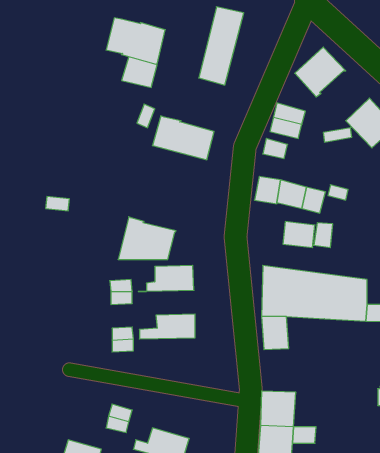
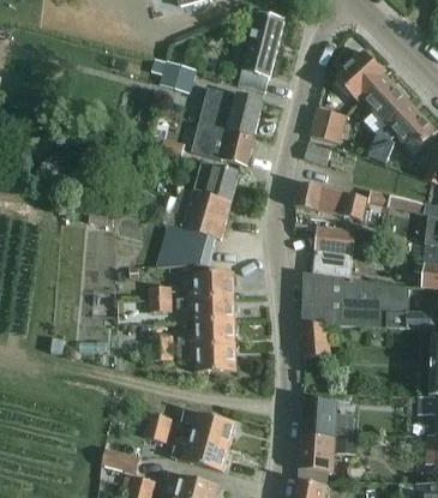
building: [106,18,165,64] -> [204,89,264,136]
building: none -> [361,74,412,125]
building: none -> [170,160,238,239]
building: none -> [314,251,354,278]
building: none -> [178,296,235,322]
building: none -> [179,344,236,371]
building: none -> [182,408,236,446]

